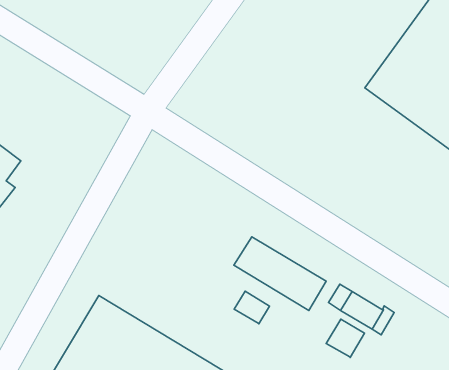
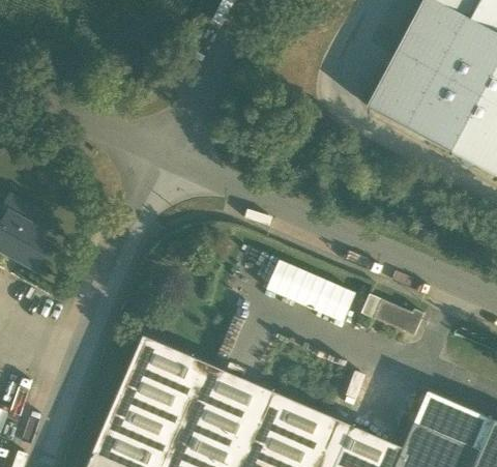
building: [234,291,270,324] -> none
building: [326,319,365,358] -> none

